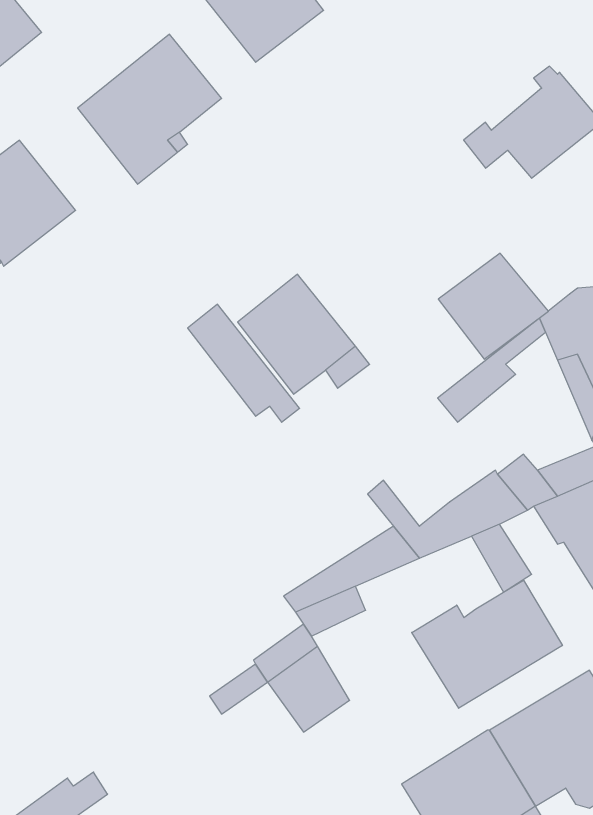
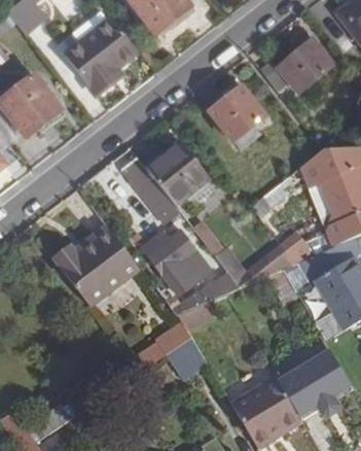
building: [438,253,548,359] -> [209,86,265,141]
building: none -> [52,226,137,306]
building: none -> [142,231,198,293]
building: [412,580,562,708] -> none

